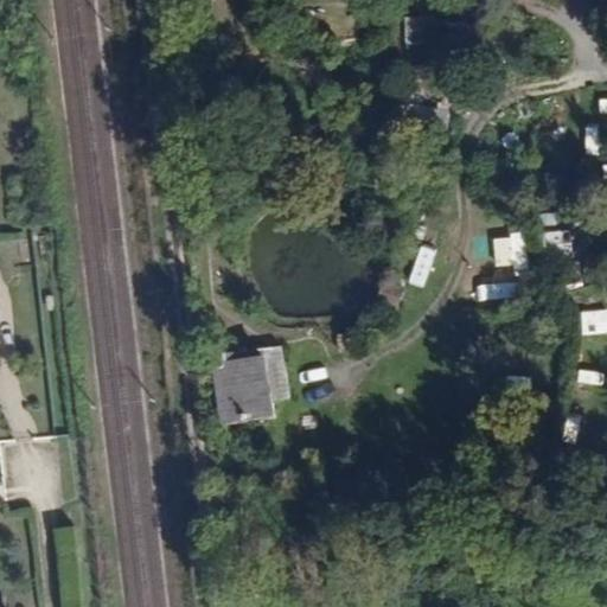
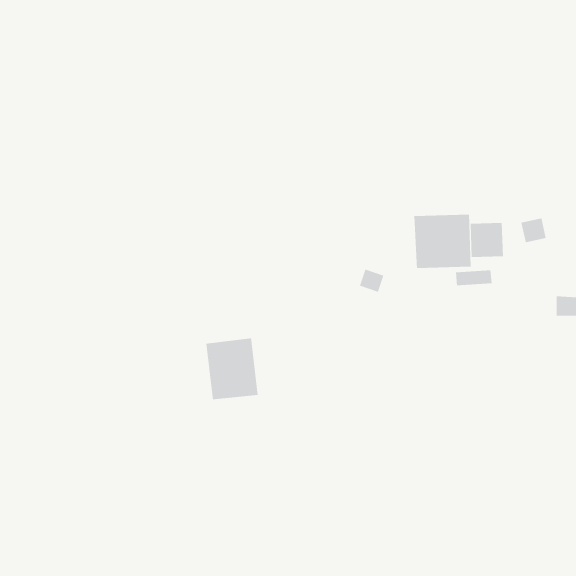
building: none -> [414,214,471,269]

